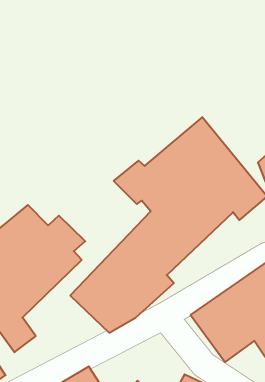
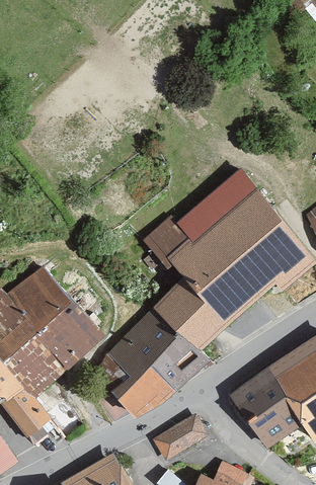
building: none -> [153,415,209,464]

